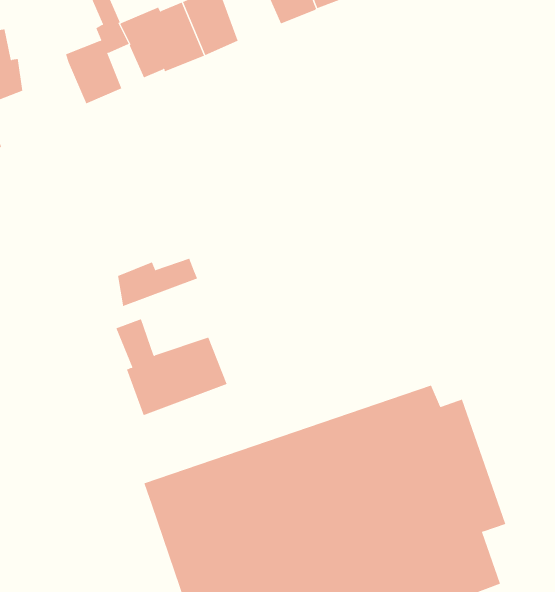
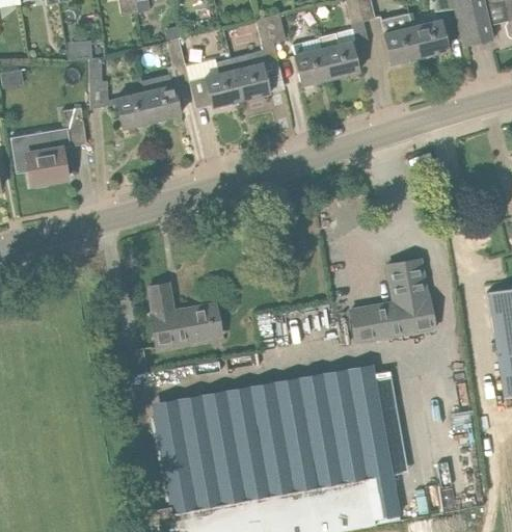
building: none -> [115,89,153,129]
building: none -> [351,259,438,342]
building: [117,258,198,307] -> none

